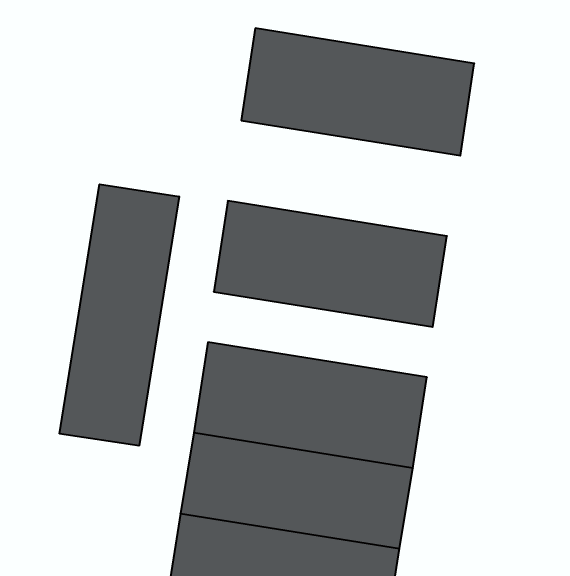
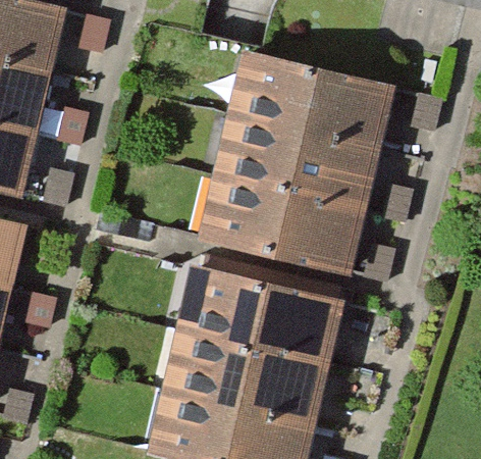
building: none -> [214,114,378,207]
building: [60,184,179,446] -> none

